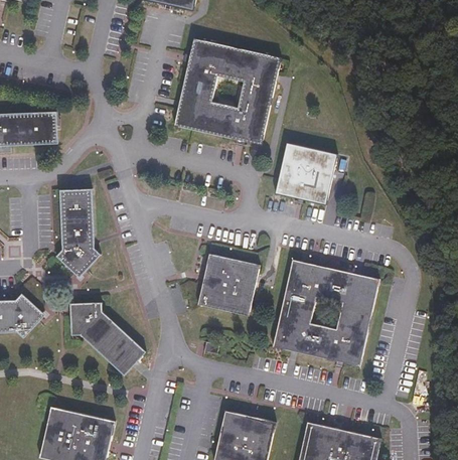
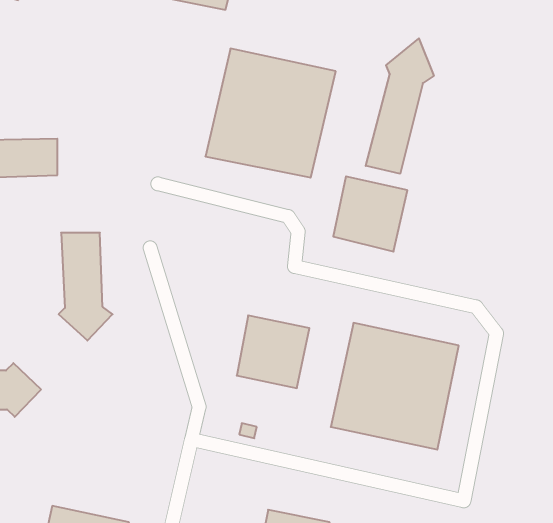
building: none -> [366,38,434,174]
building: [68,303,143,373] -> none

